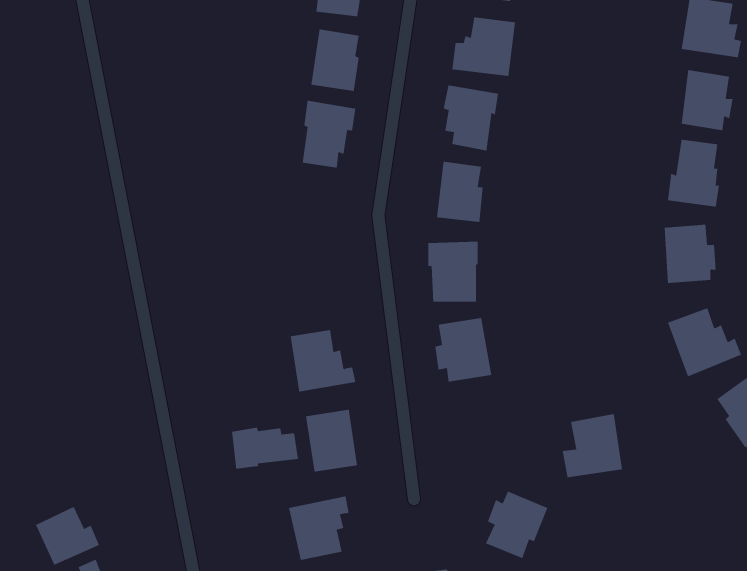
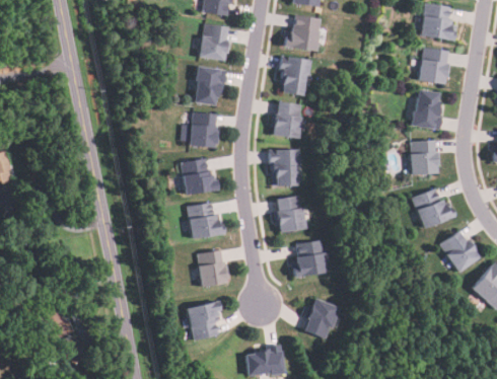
building: none -> [189,111,218,147]
building: none -> [180,158,219,196]
building: [562,413,623,478] -> [291,239,328,278]
building: [231,427,299,470] -> none

